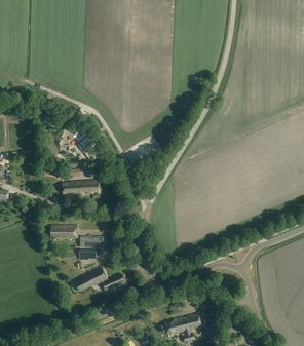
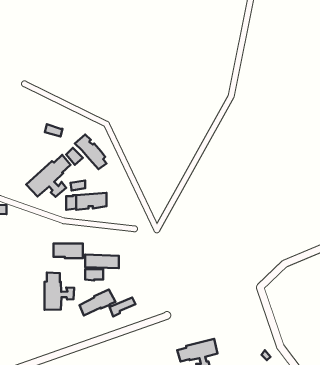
building: none -> [26,155,70,197]
building: none -> [44,273,74,310]

